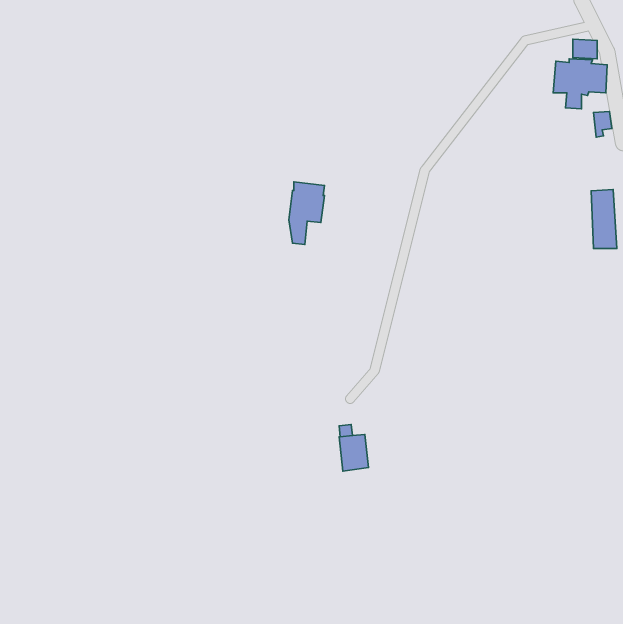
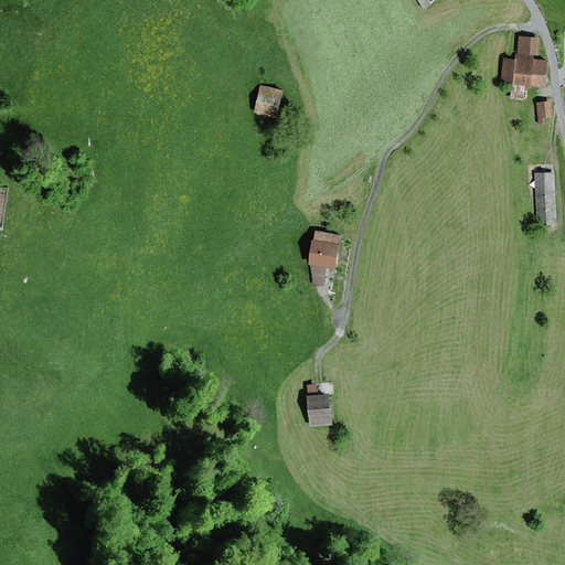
building: none -> [255,85,282,117]
building: [289,182,324,244] -> [309,230,341,286]

